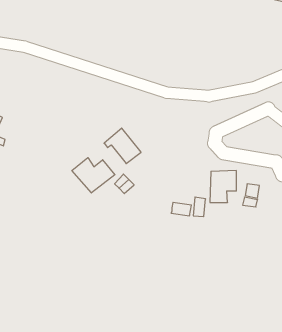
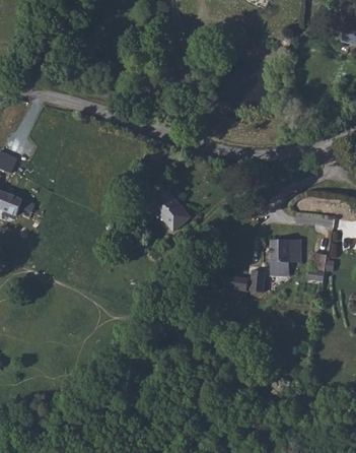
building: [72,158,115,193] -> none

